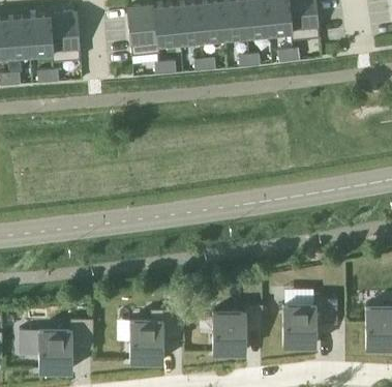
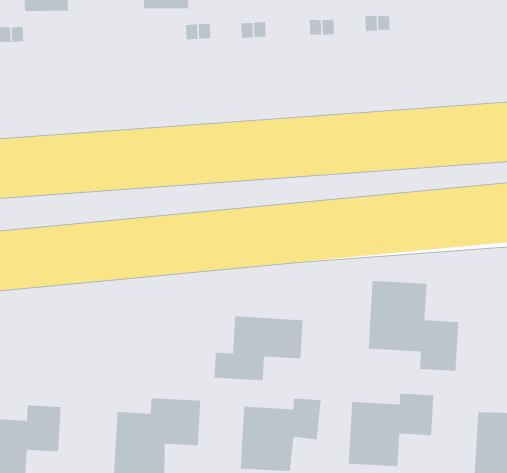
building: none -> [368,280,459,372]
building: none -> [214,316,303,381]

